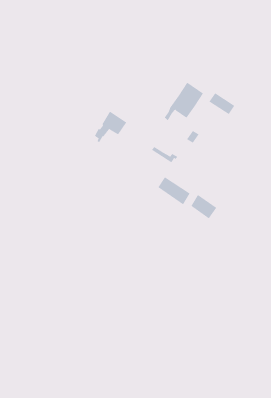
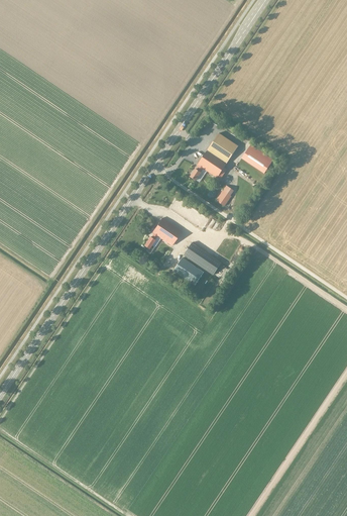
building: [94,111,127,143] -> [145,216,183,252]
building: [190,194,217,219] -> [175,255,205,284]

